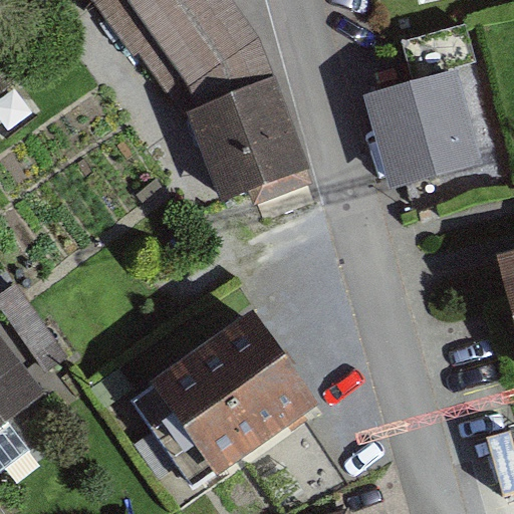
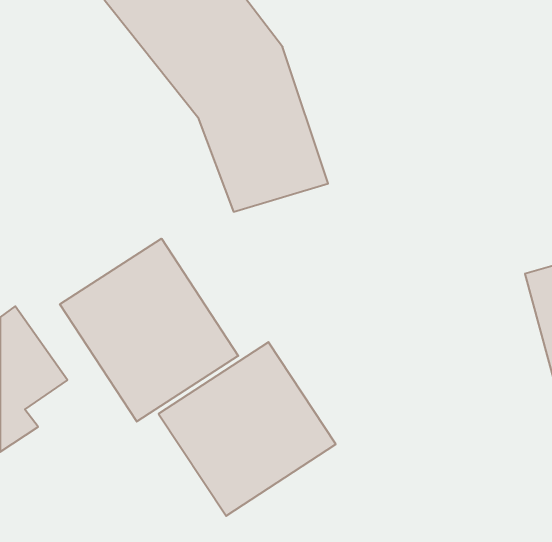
building: [378,77,464,176] -> none
building: none -> [60,239,238,422]

